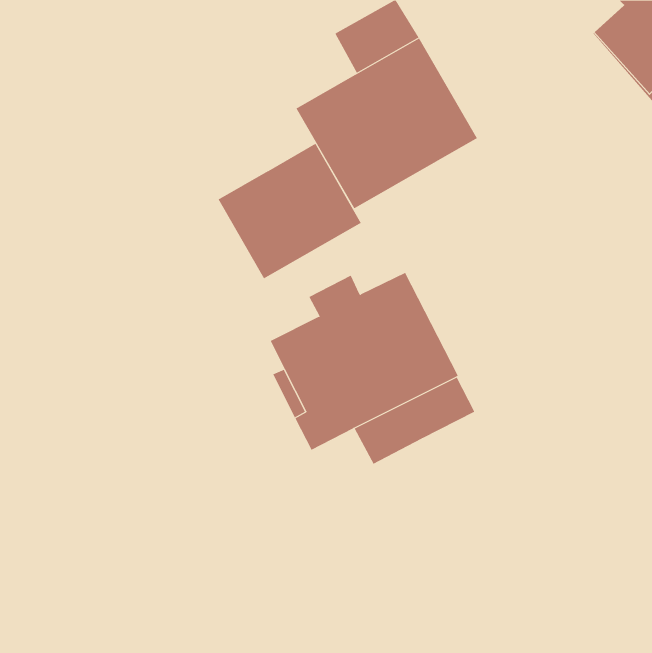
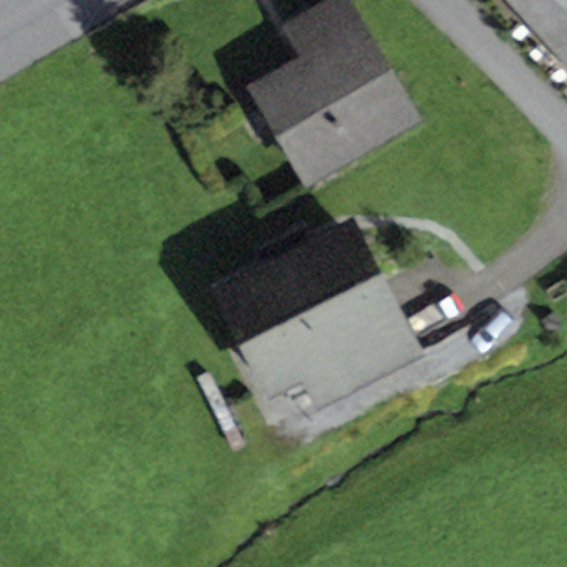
building: [218,143,361,279] -> none

